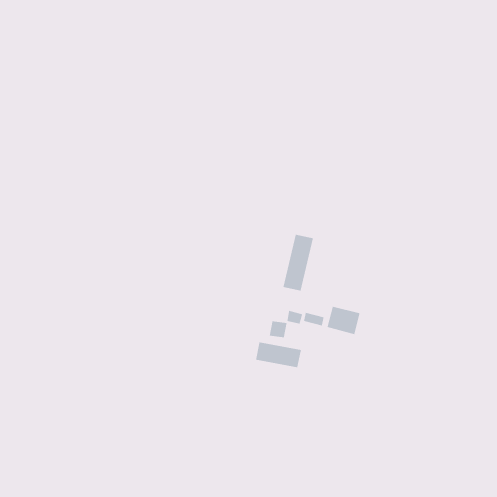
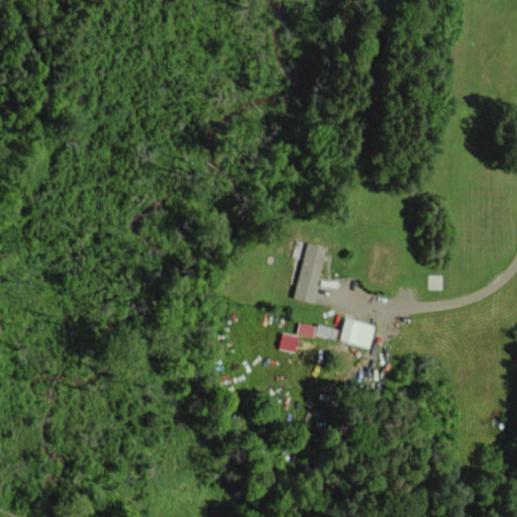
building: [255,342,302,368] -> none

